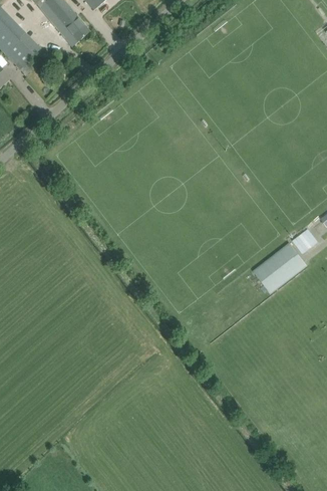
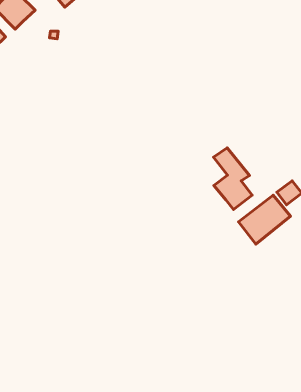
building: none -> [214,148,252,209]

